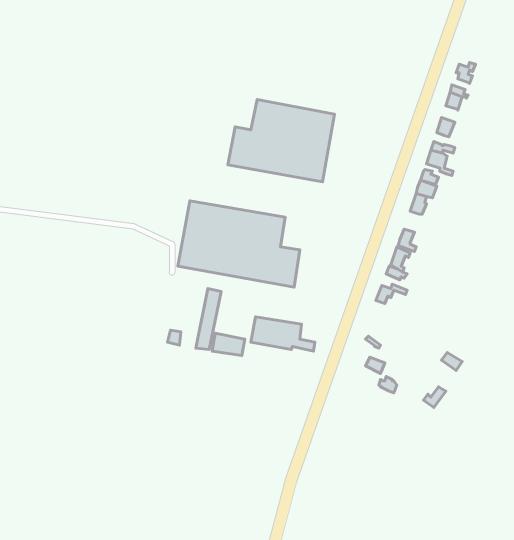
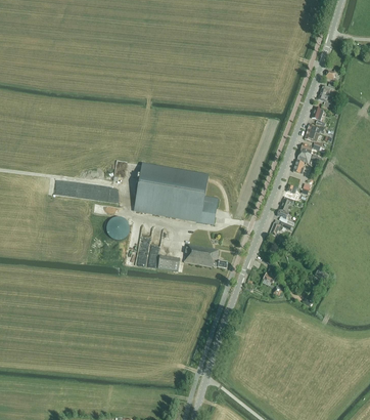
building: [228,100,334,182] -> none
building: none -> [106,217,129,241]

